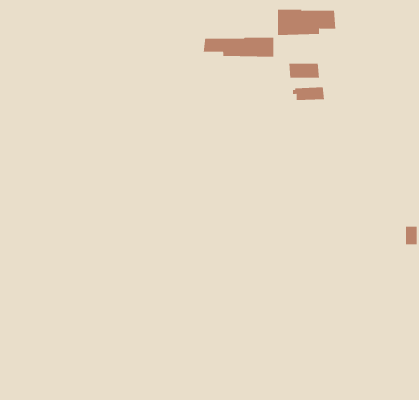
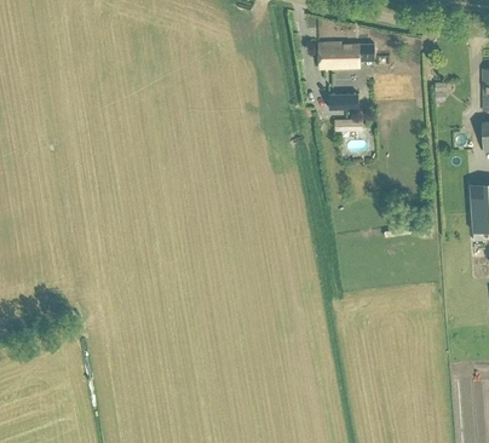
building: [203,37,274,57] -> none

